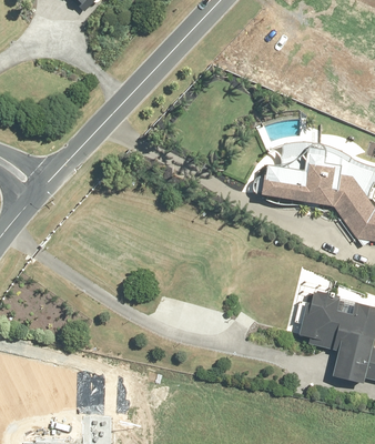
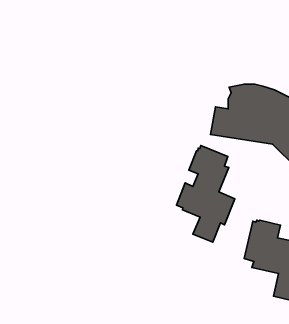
building: none -> [176,146,235,242]

